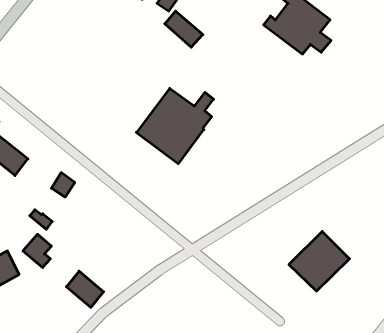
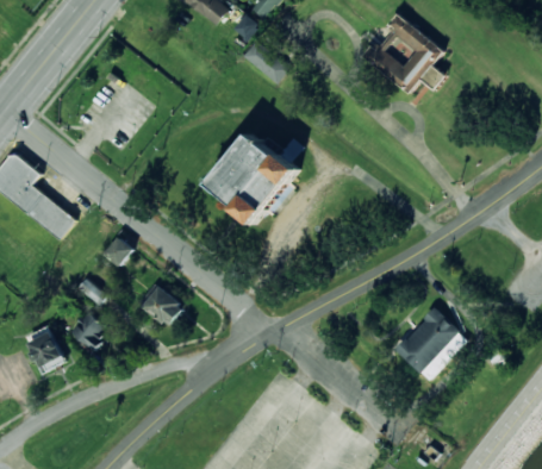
building: [66,271,104,307] -> [139,282,185,326]

